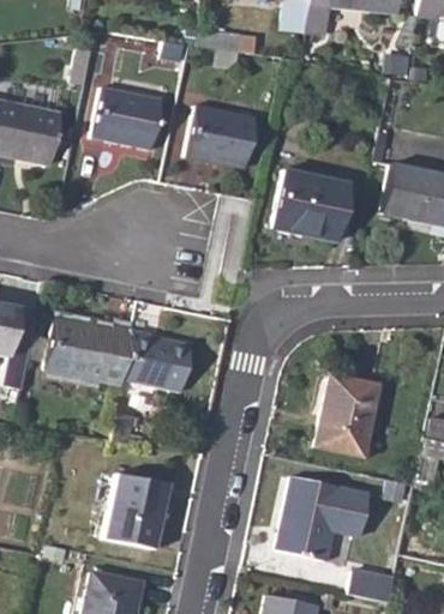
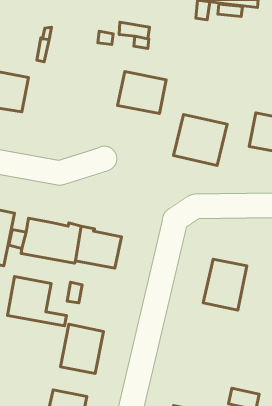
building: [94,88,164,148] -> none
building: none -> [7,277,67,326]
building: [277,476,368,559] -> none

